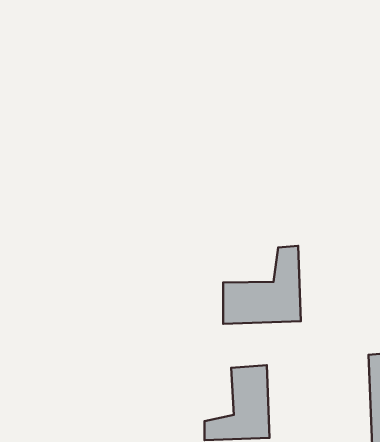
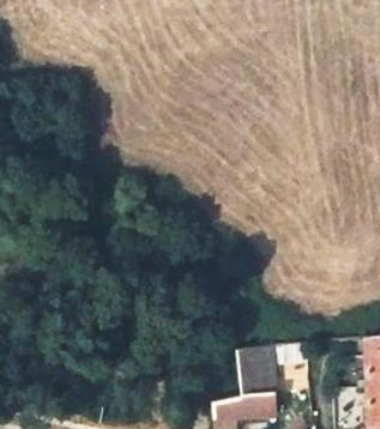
building: [223,246,301,324] -> none

